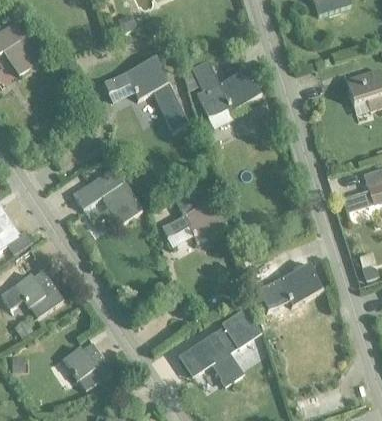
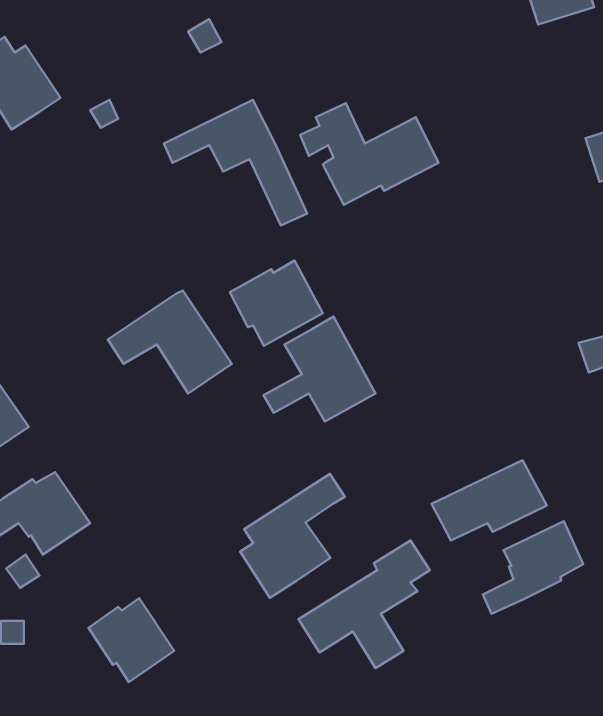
building: none -> [230,260,323,346]
building: none -> [240,474,345,598]
building: none -> [483,521,583,614]

